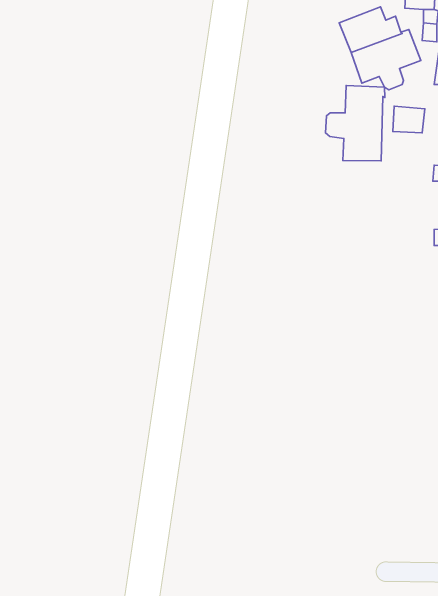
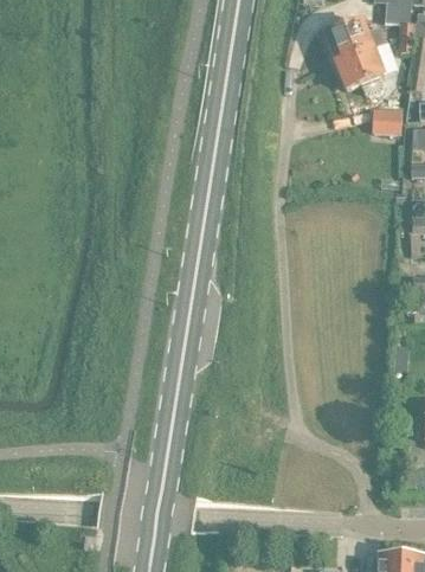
building: [325,86,385,161] -> none

